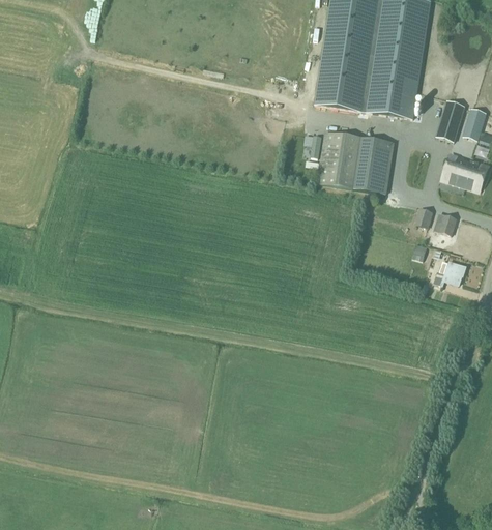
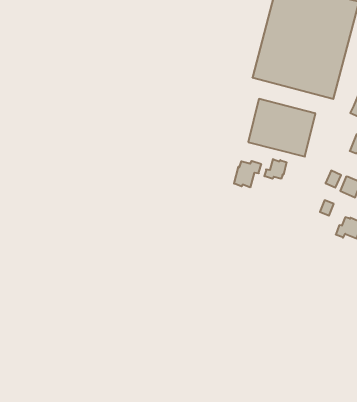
building: none -> [264,159,287,179]
building: none -> [234,161,261,187]

